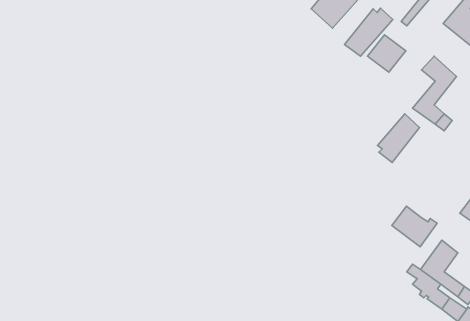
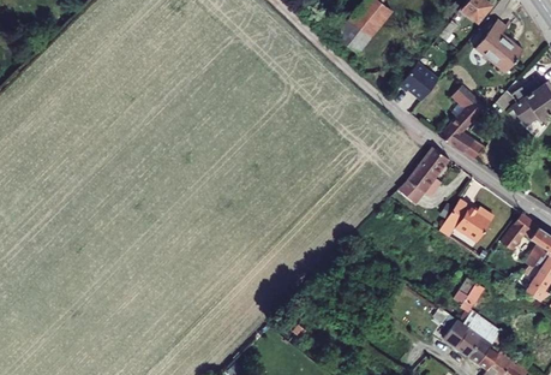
building: [344,8,393,56] -> none
building: [392,206,437,247] -> [443,198,491,242]

